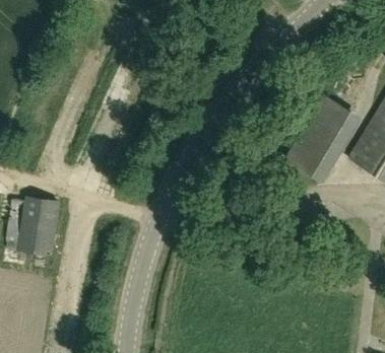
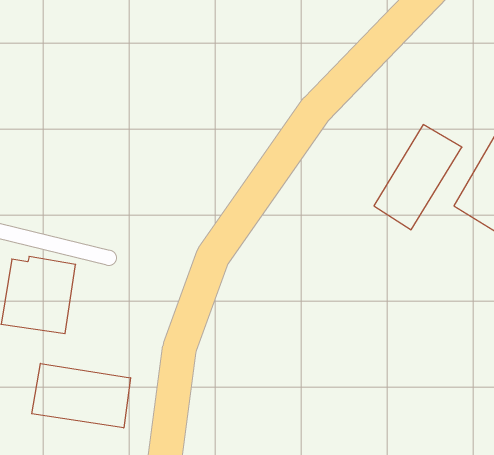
building: none -> [32,363,131,428]

